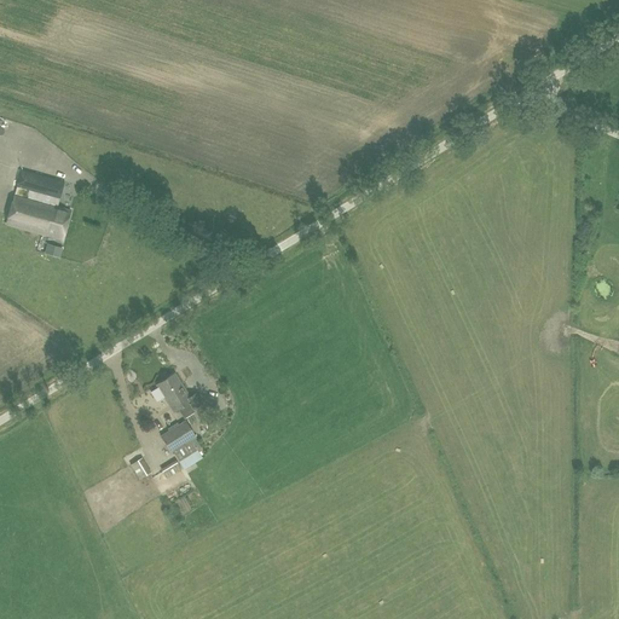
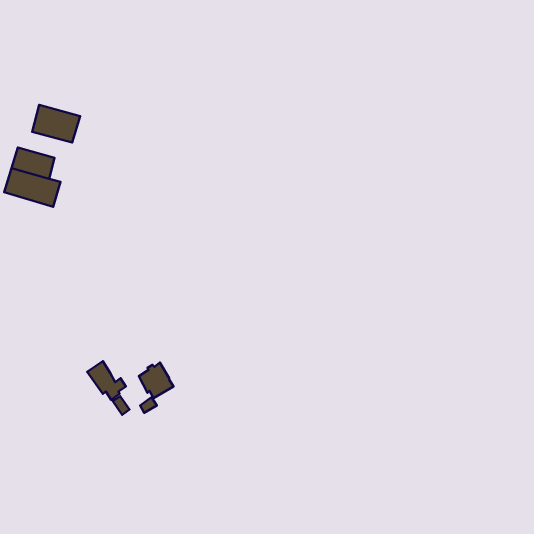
building: none -> [32,105,80,142]
building: [157,372,202,417] -> [87,361,126,400]

